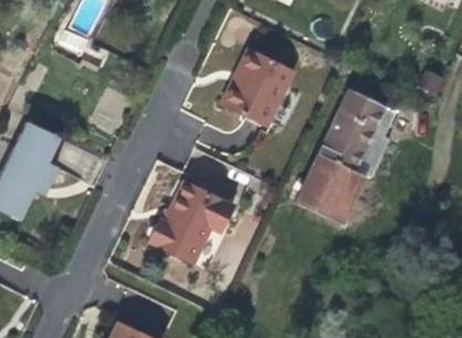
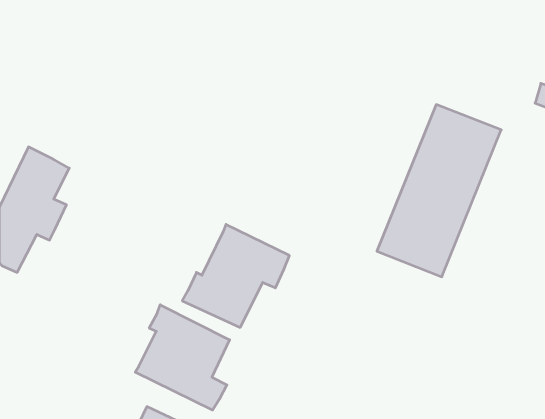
building: [220,46,297,127] -> none
building: none -> [135,305,230,410]

